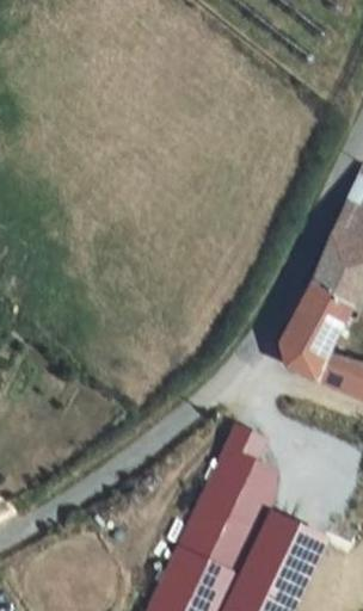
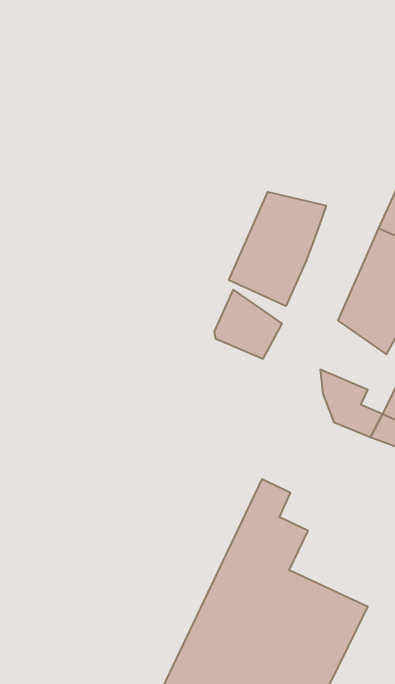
building: none -> [229,192,326,306]
building: [289,288,349,348] -> [214,290,282,359]

